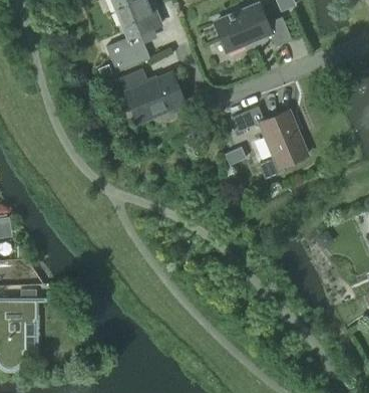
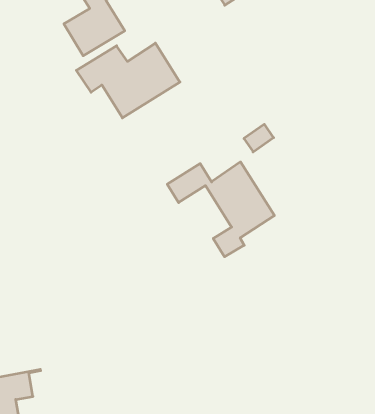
building: [232,107,307,179] -> [167,162,274,257]

